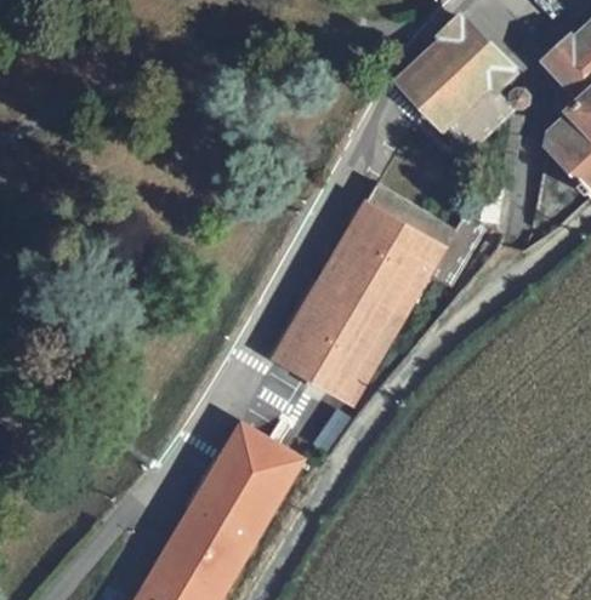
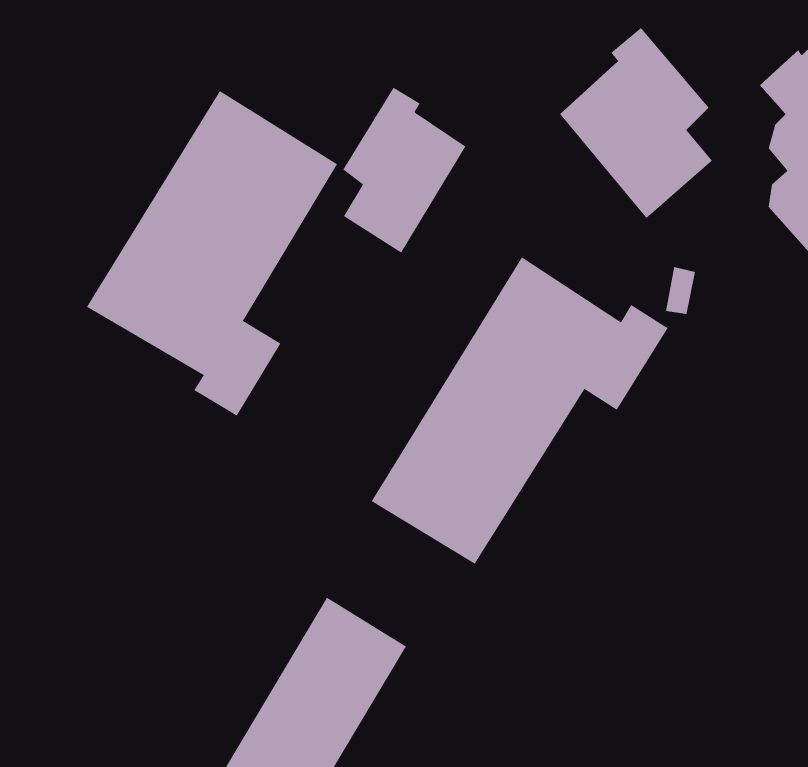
building: none -> [343,87,466,253]
building: none -> [86,90,338,417]

